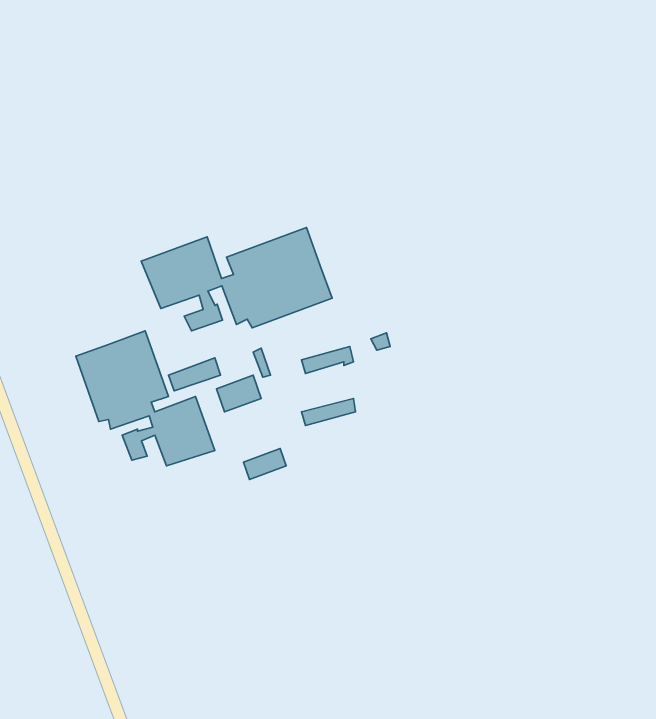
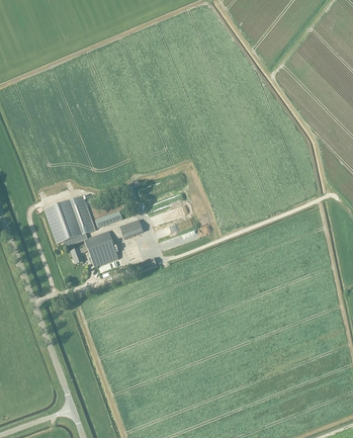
building: [141,227,332,331] -> none

